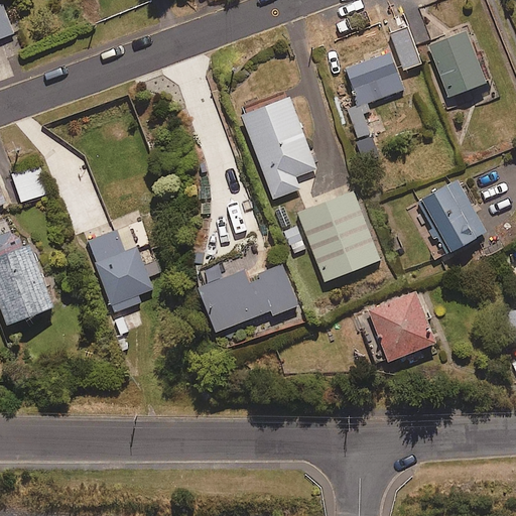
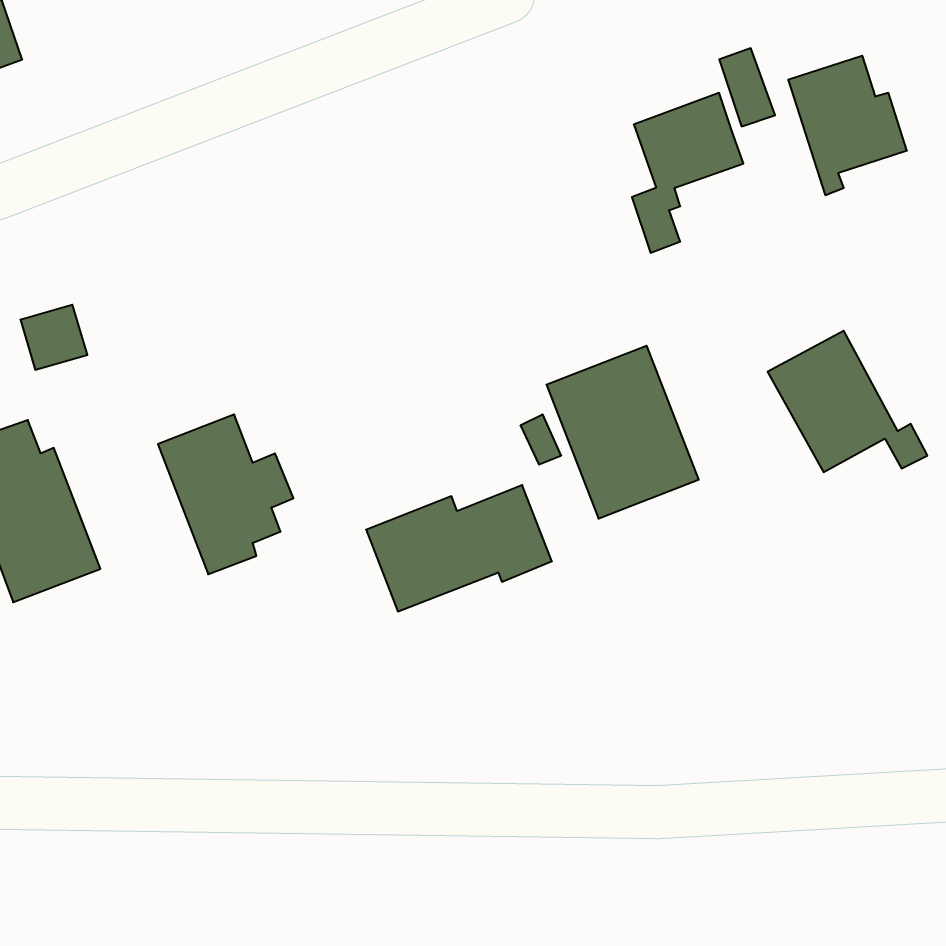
building: [242,98,315,198] -> none
building: [367,291,435,362] -> none

